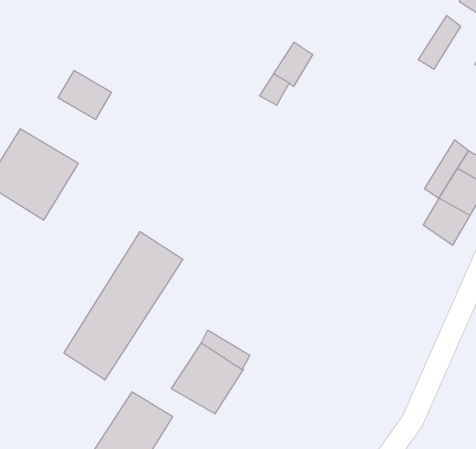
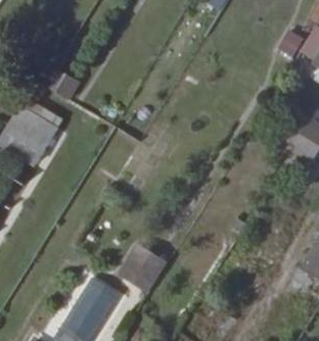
building: [64,232,183,380] -> none

